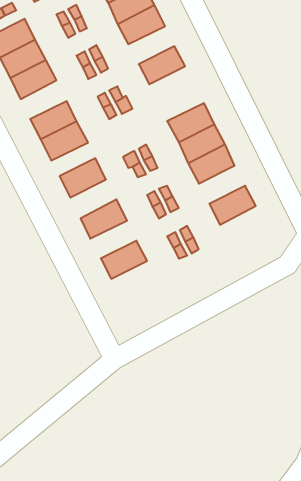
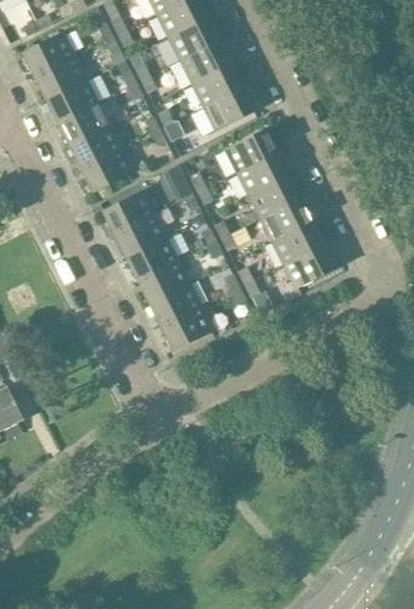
building: none -> [178,41,231,84]
building: none -> [202,86,255,132]
building: none -> [56,102,109,146]
building: none -> [258,199,311,242]
building: none -> [112,214,165,258]
building: none -> [282,244,335,290]
building: none -> [135,261,188,304]
building: none -> [159,306,212,352]

